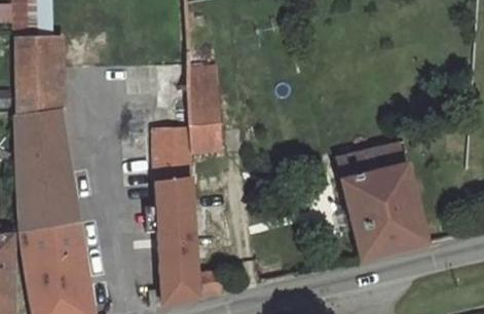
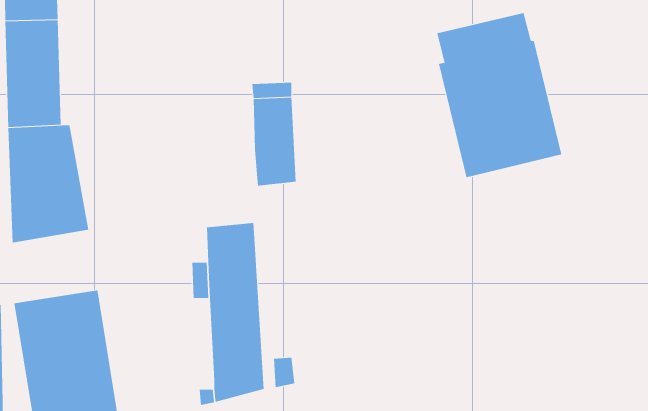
building: [154,127,192,182] -> none
building: [338,144,426,260] -> [437,13,562,178]
building: [20,184,80,235] -> none

